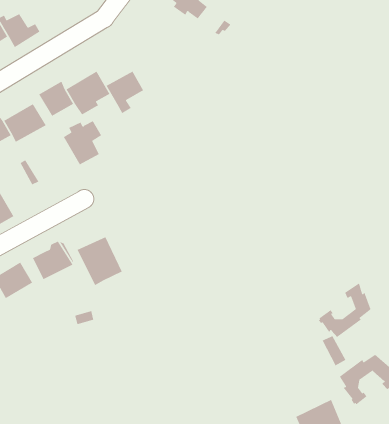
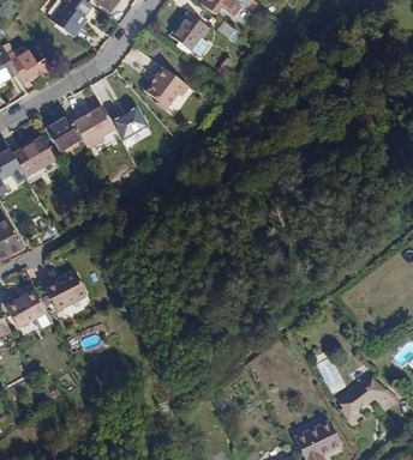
building: none -> [148,67,194,116]
building: [63,120,102,166] -> none
building: [76,236,123,286] -> none
building: [318,282,371,338] -> none

